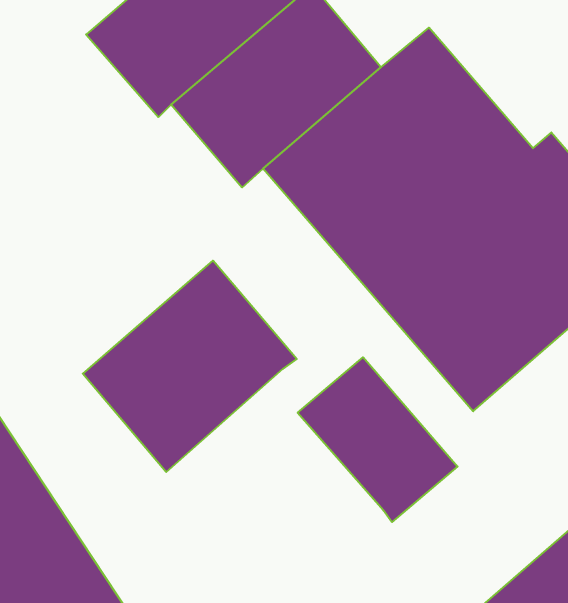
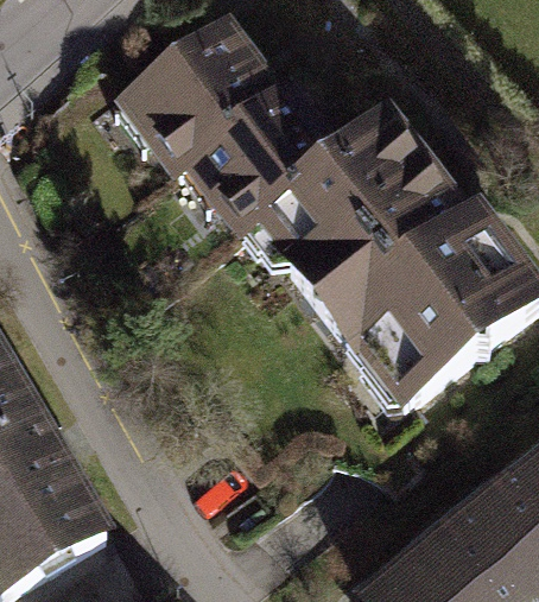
building: [83,261,297,472] -> none
building: [298,357,458,522] -> none

